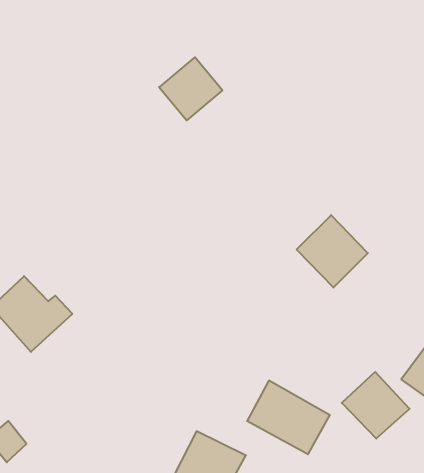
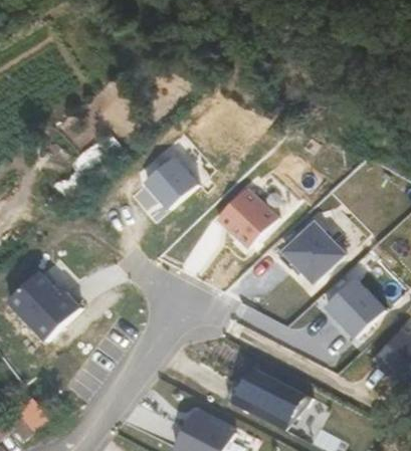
building: [159,57,222,120] -> [143,155,198,210]
building: none -> [214,187,275,247]
building: [342,372,410,439] -> [323,276,382,334]

